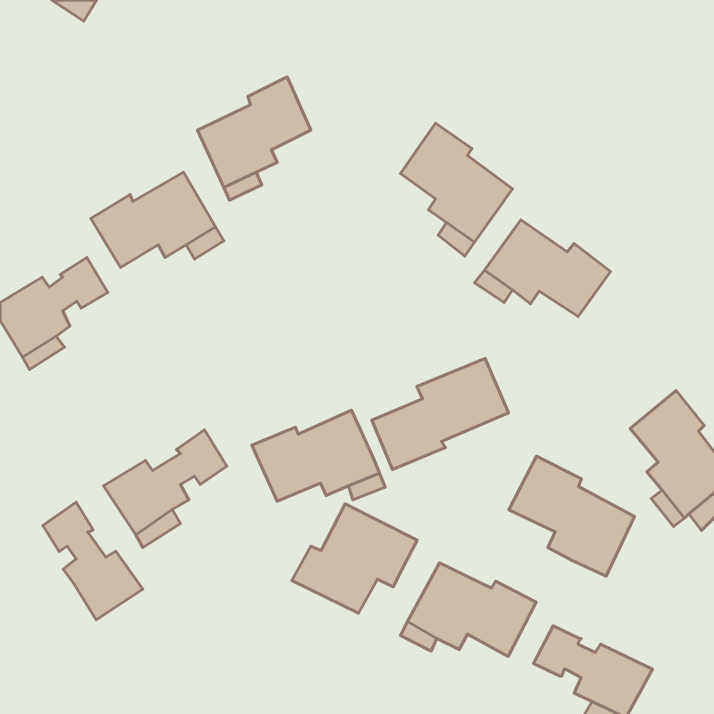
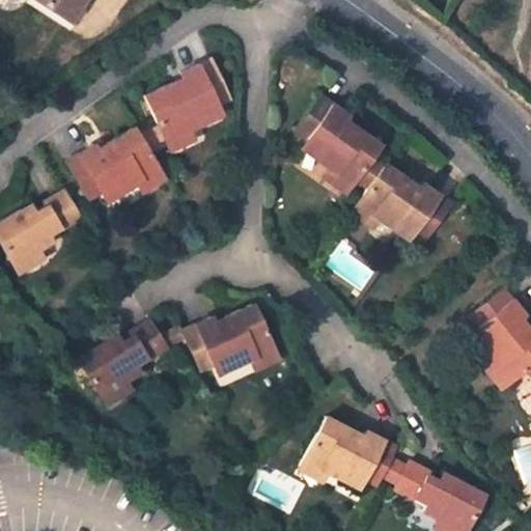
building: [372,358,509,469] -> none
building: [509,456,634,576] -> none
building: [43,502,143,620] -> none
building: [292,504,417,613] -> none

